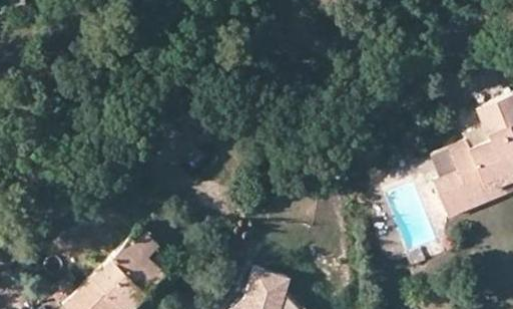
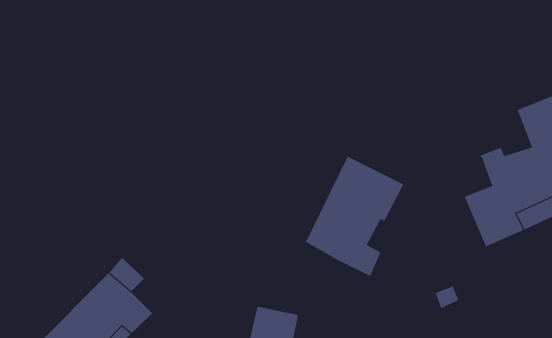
building: none -> [305,156,404,277]

